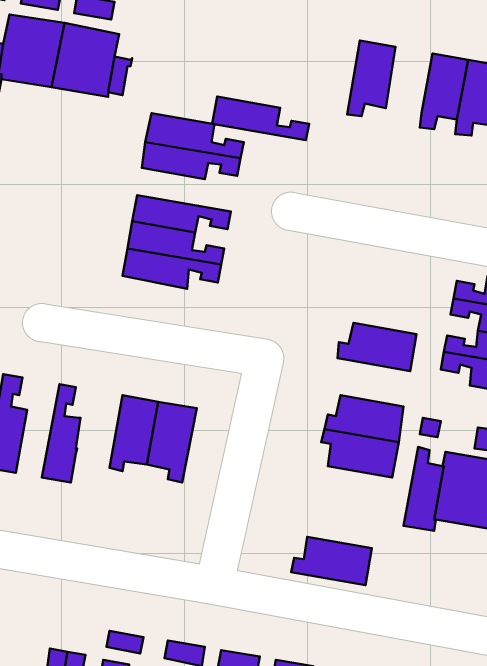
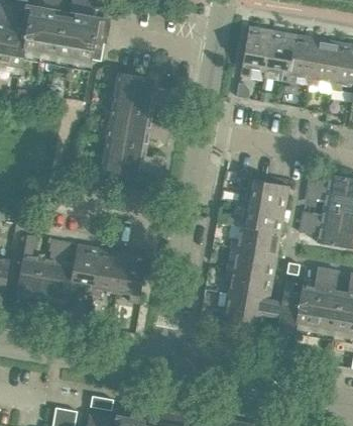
building: none -> [262,30,293,78]
building: [212,96,309,140] -> [109,106,169,133]
building: none -> [238,179,288,210]
building: none -> [230,226,279,255]
building: none -> [33,239,61,300]
building: none -> [71,244,100,294]
building: [291,537,372,585] -> [218,293,268,323]

